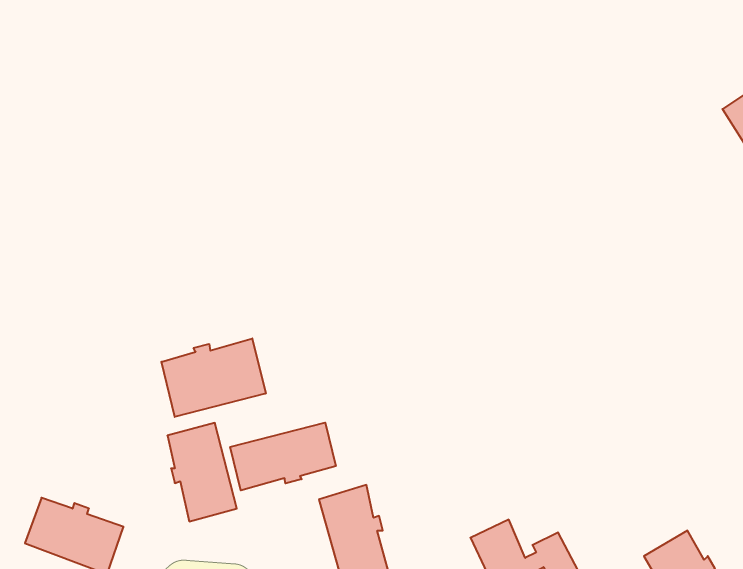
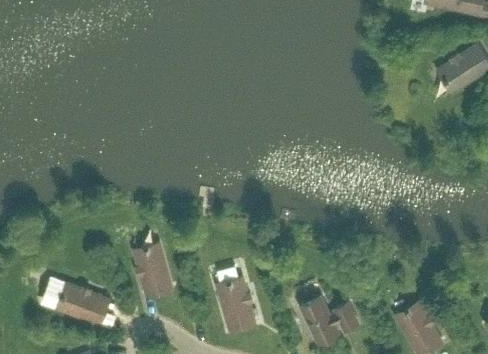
building: [161,338,266,417] -> none
building: [230,423,336,490] -> none

